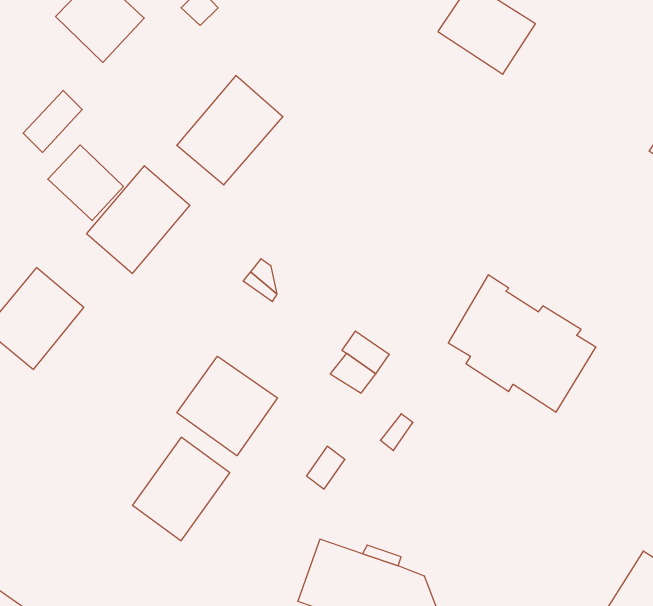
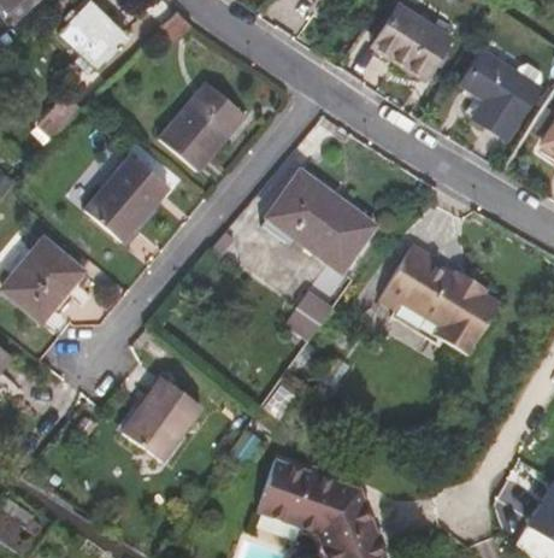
building: none -> [464,52,537,137]
building: [48,145,123,221] -> none
building: none -> [266,170,373,270]
building: [177,356,277,456] -> none

